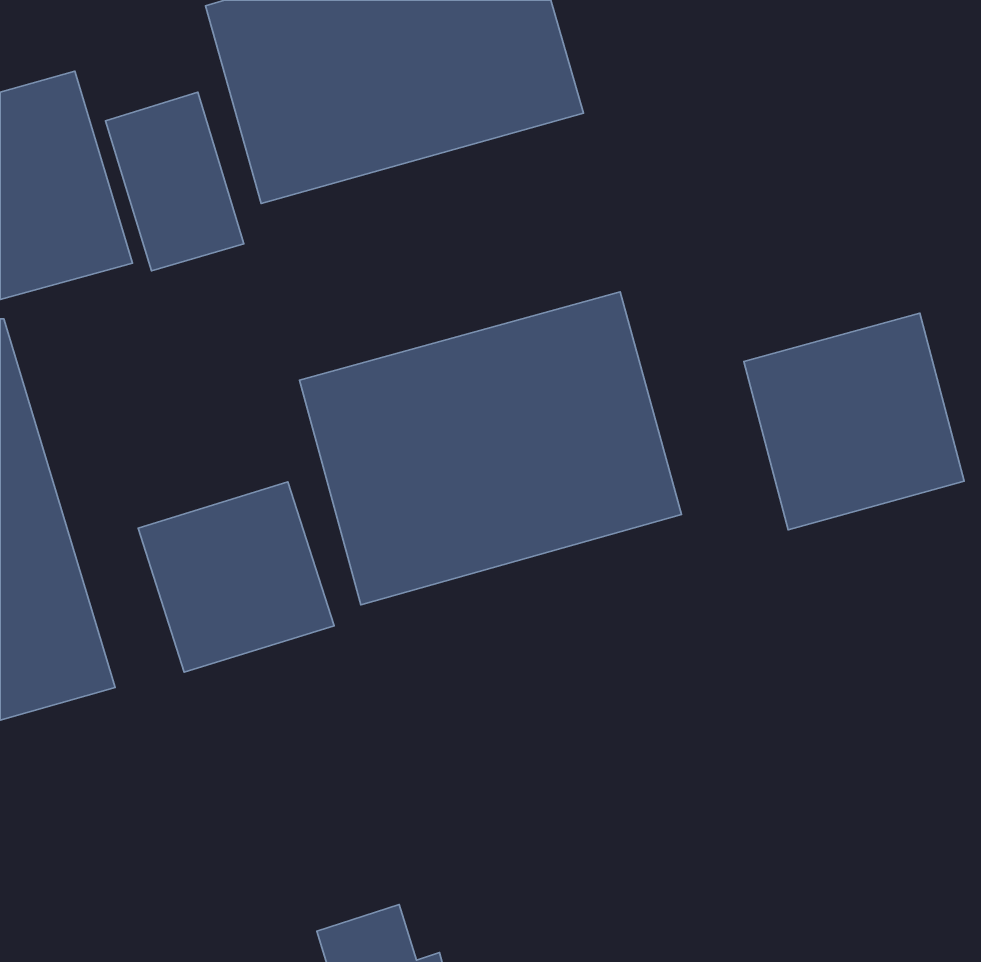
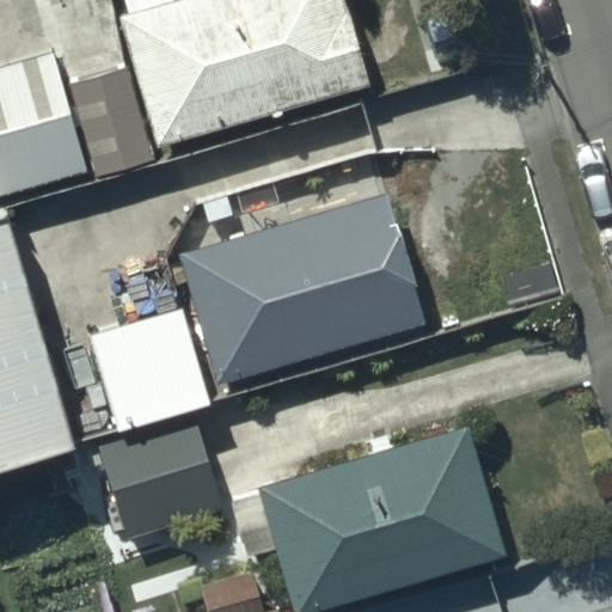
building: [744,313,964,530] -> none
building: none -> [93,422,218,537]
building: none -> [270,432,503,605]

